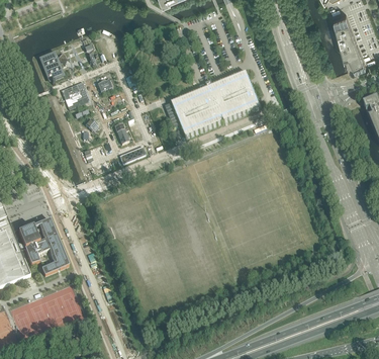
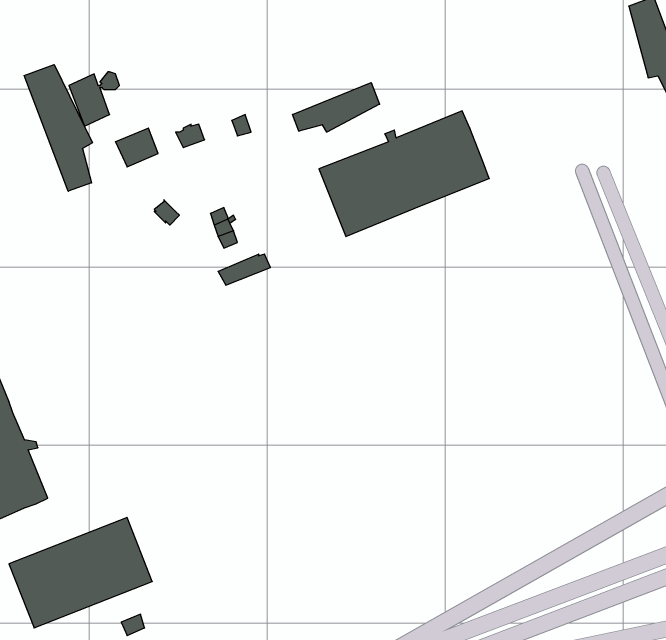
building: none -> [24,65,93,191]
building: none -> [293,83,380,132]
building: [17,219,68,275] -> none

